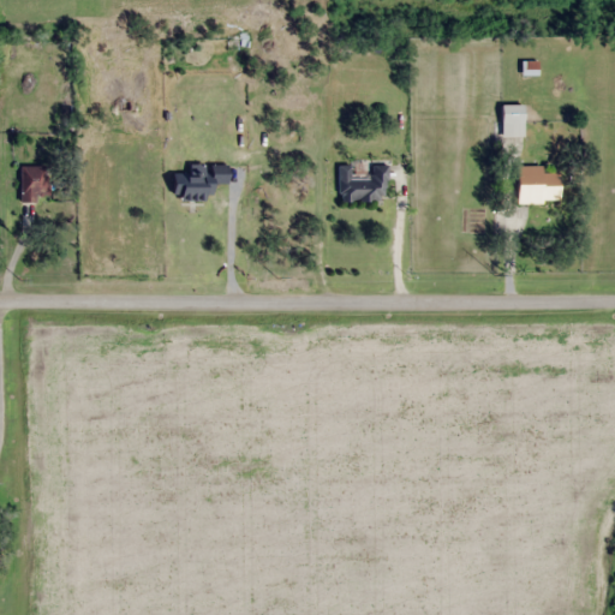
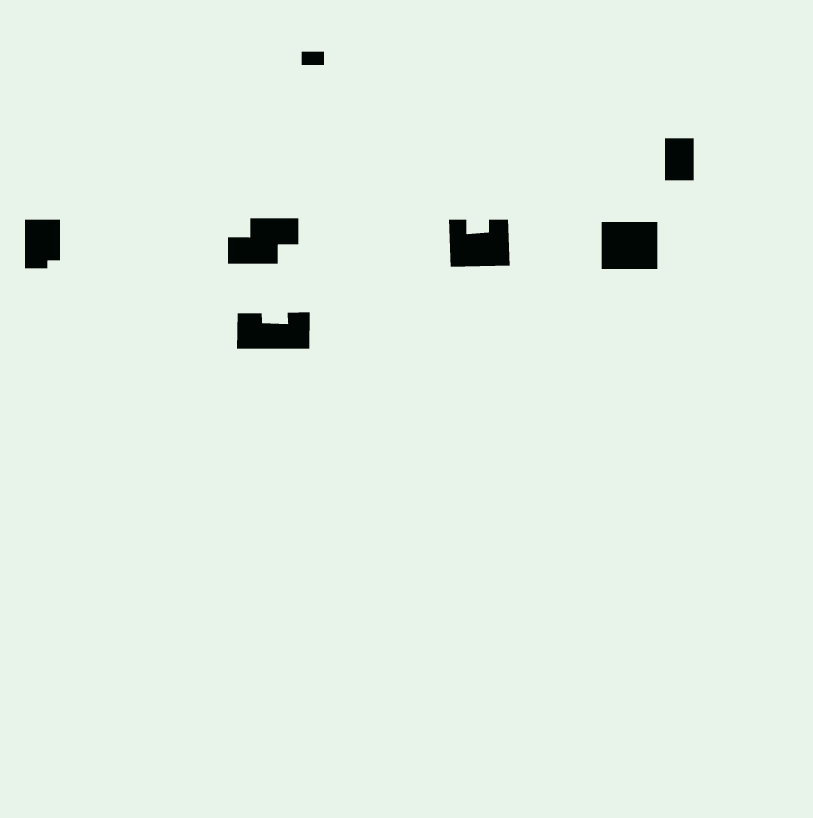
building: [518,166,561,202] -> [601,222,658,270]
building: none -> [237,312,310,350]

